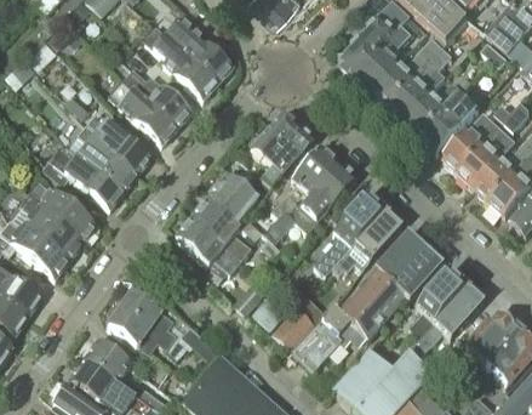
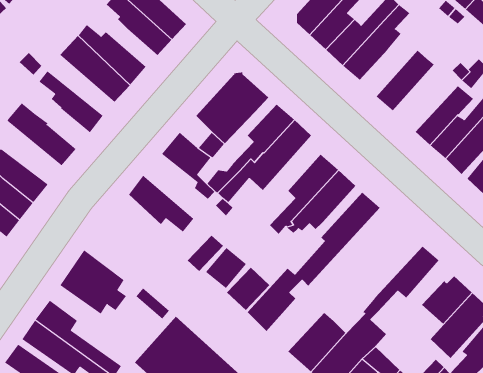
building: [405,84,462,138] -> none
building: [444,112,502,174] -> none
building: [70,124,138,191] -> none
building: [190,198,251,260] -> none
building: [336,249,442,346] -> none
building: [410,269,467,337] -> none

